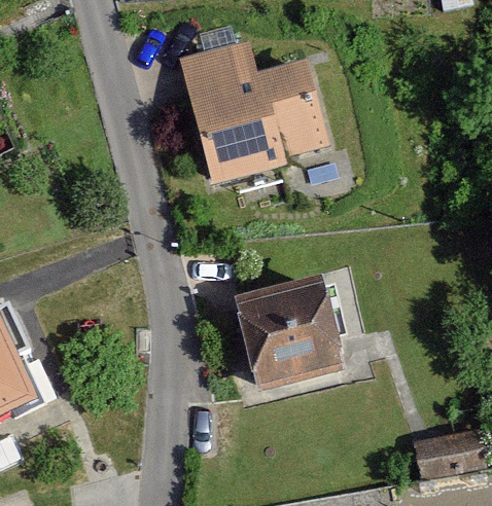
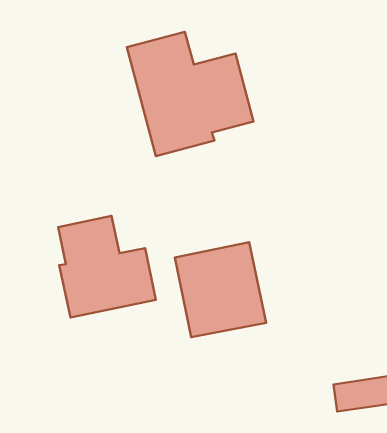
building: none -> [58,216,156,318]

